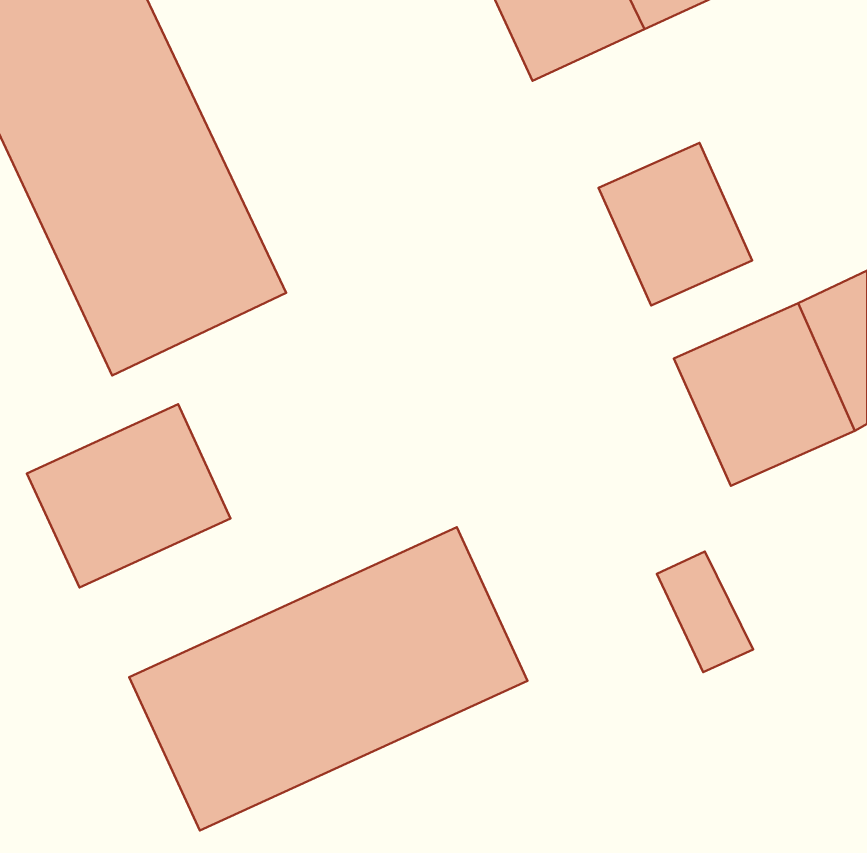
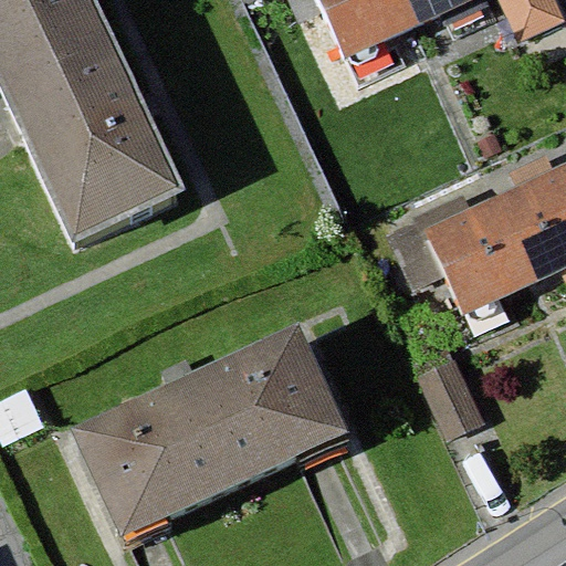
building: [599,143,752,306] -> none
building: [27,404,231,588] -> none

